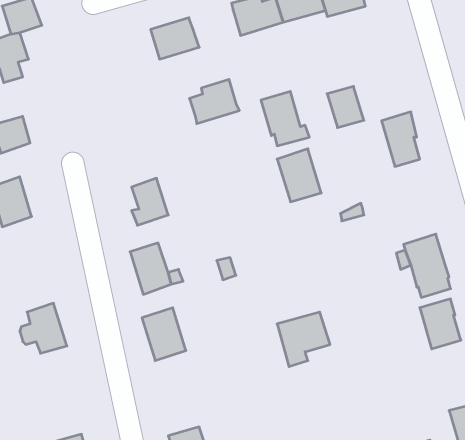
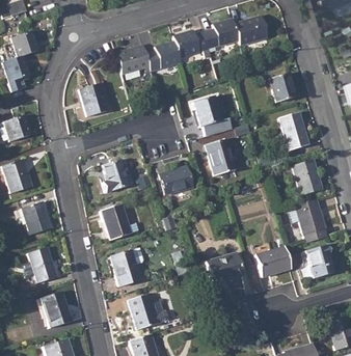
building: none -> [79,81,109,117]
building: [189,79,239,124] -> [146,39,182,71]
building: [327,86,364,128] -> [269,73,295,102]
building: none -> [292,158,323,195]
building: none -> [159,165,192,194]
building: none -> [22,200,51,234]
building: none -> [256,246,292,276]
building: none -> [43,291,72,327]
building: none -> [128,293,169,329]

